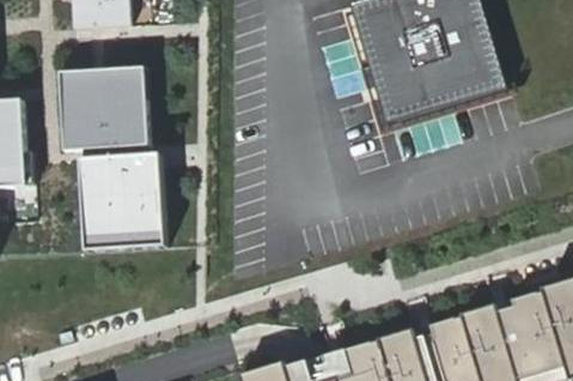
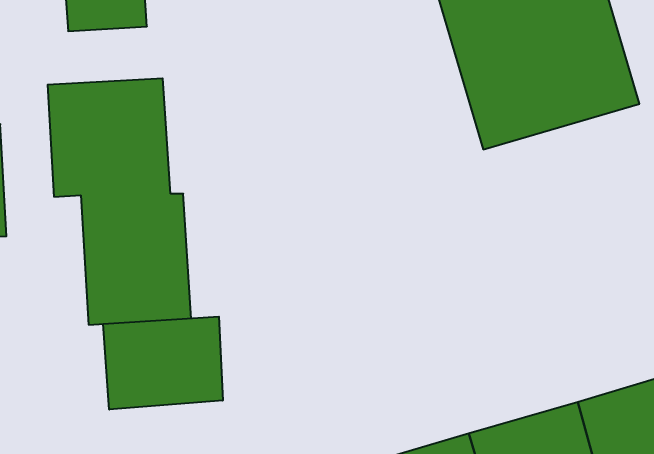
building: none -> [103,317,223,410]

